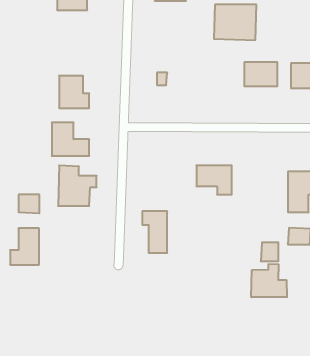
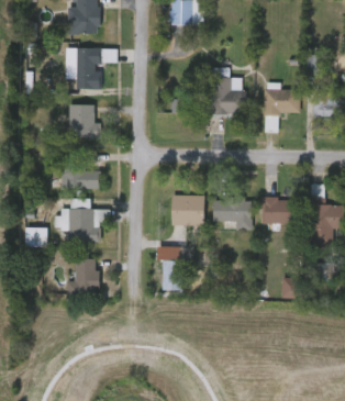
building: [214,5,256,40] -> [200,78,245,115]
building: none -> [75,48,100,90]
building: none -> [170,196,202,226]
building: none -> [261,199,297,224]
building: [10,228,39,265] -> [66,259,97,298]
building: [251,264,287,297] -> none

